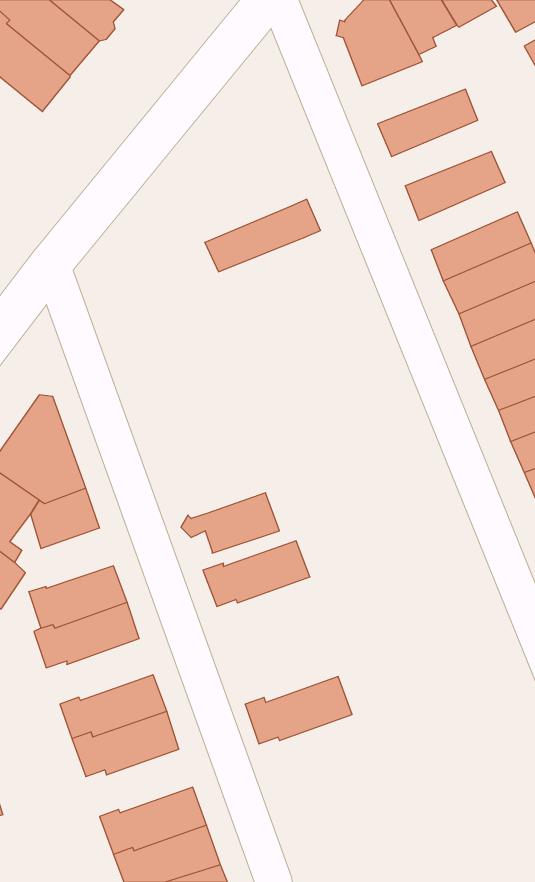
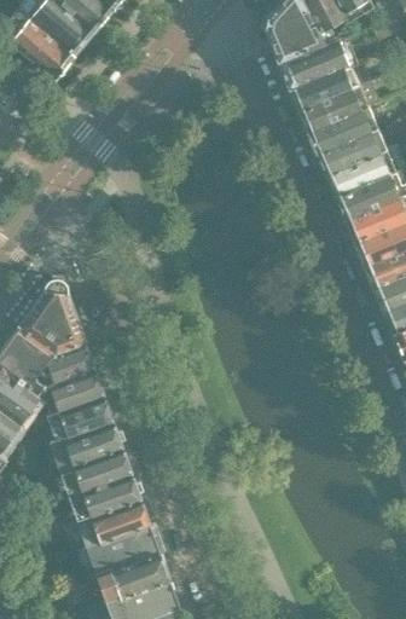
building: none -> [279,37,354,88]
building: none -> [319,128,388,175]
building: [205,199,321,272] -> [300,80,381,131]
building: [181,493,279,553] -> [36,370,105,412]
building: [203,541,310,606] -> [58,447,133,493]
building: [245,677,352,744] -> [86,525,161,572]

